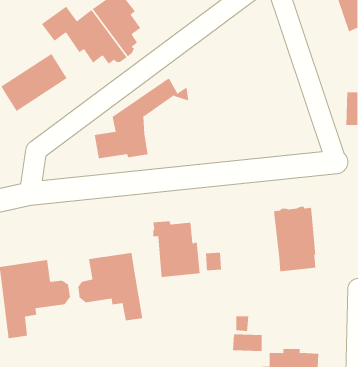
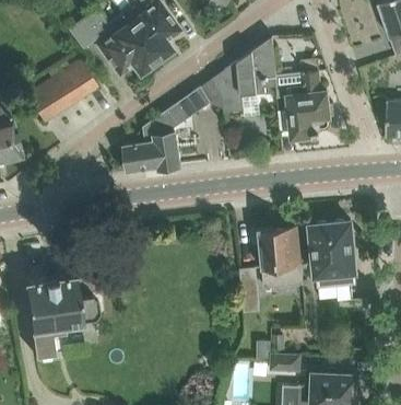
building: none -> [203,36,279,114]
building: none -> [288,60,335,138]
building: [152,221,201,278] -> [255,228,305,287]
building: [78,252,143,321] -> none

